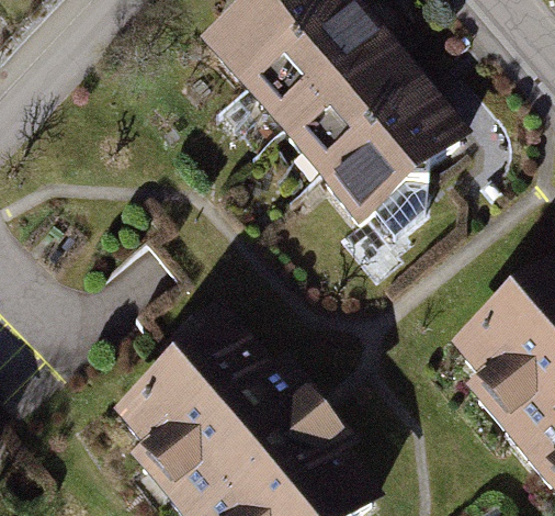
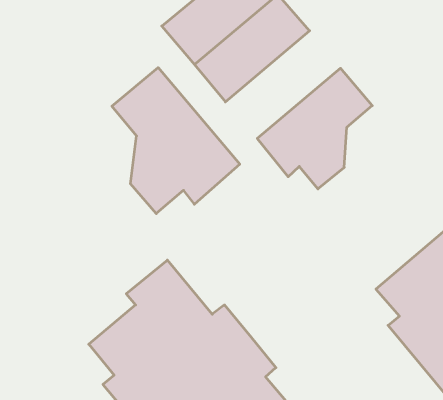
building: [283,48,418,175] -> none
building: none -> [112,68,240,214]

